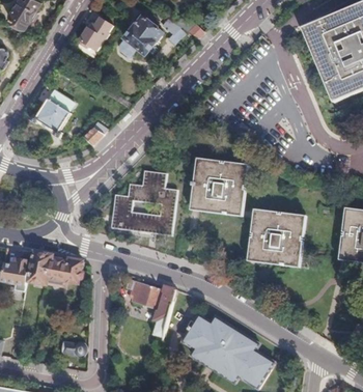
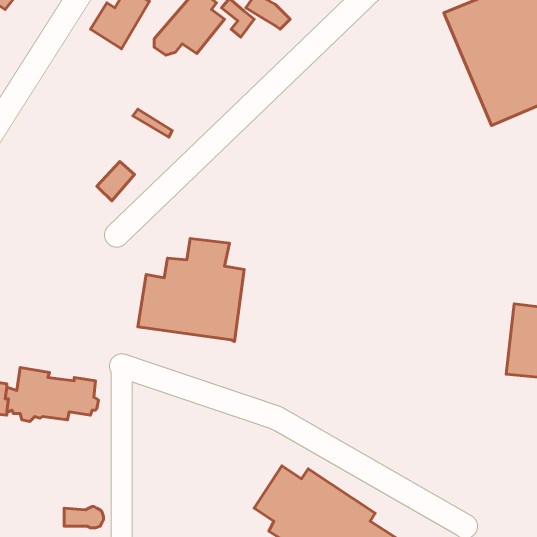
building: [31,88,74,136] -> none
building: [192,163,242,211] -> none
building: [249,215,300,262] -> none
building: [124,280,174,338] -> none

